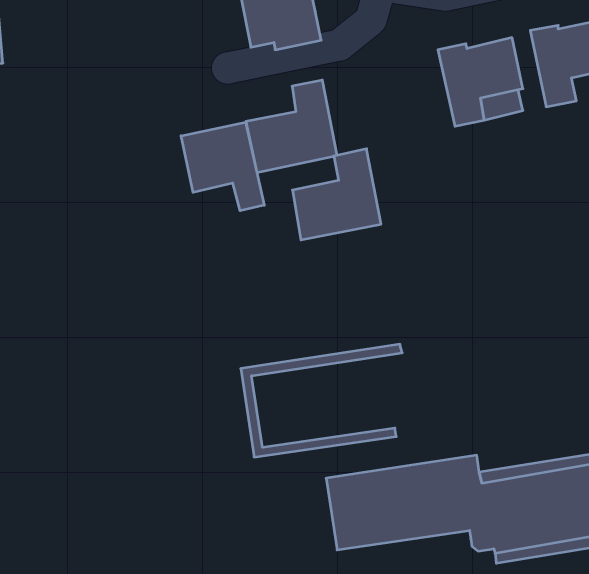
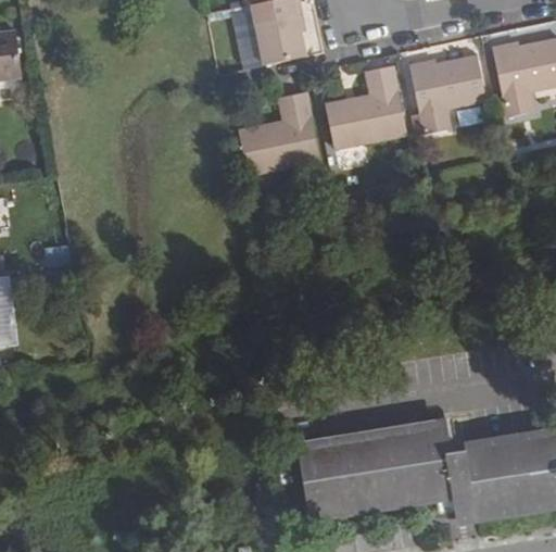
building: [181,122,264,211] -> none
building: [292,149,381,240] -> [327,65,406,147]
building: [241,344,402,457] -> [300,419,444,520]

